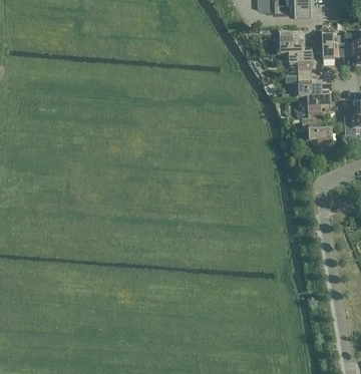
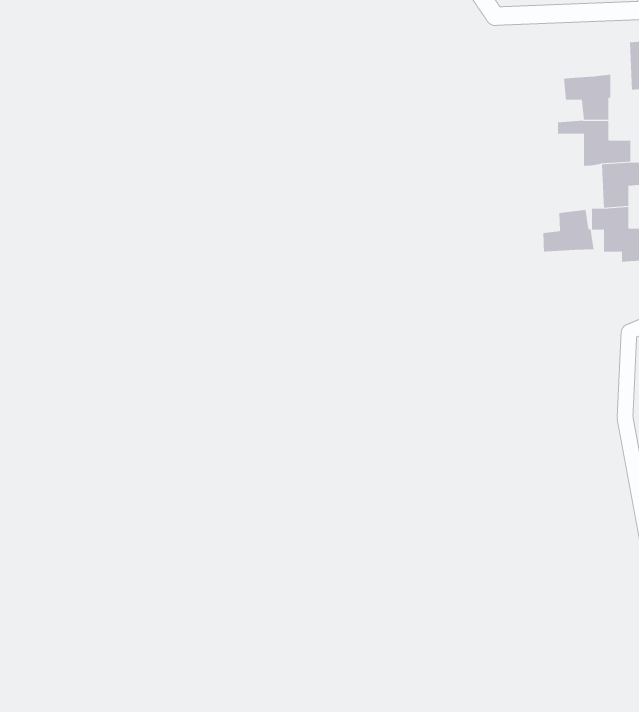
building: [280,31,304,54] -> none
building: none -> [543,209,594,253]

